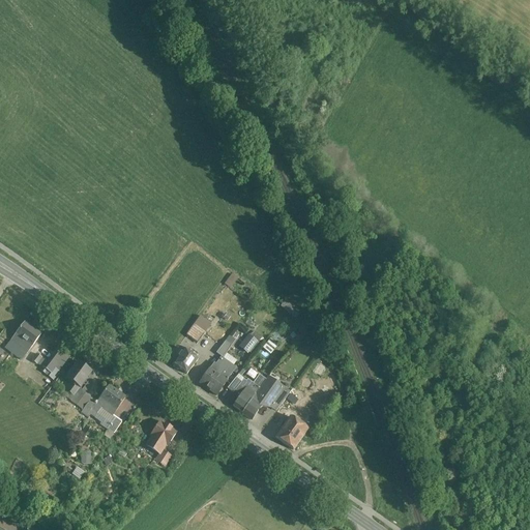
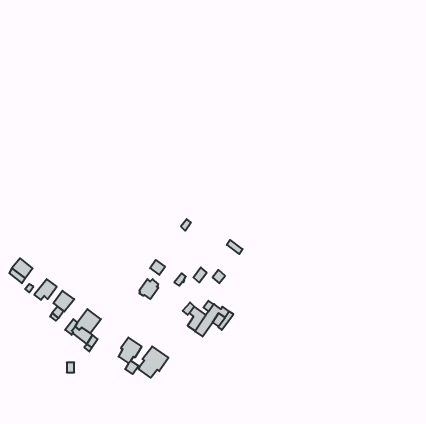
building: [201,362,229,392] -> none
building: [276,414,307,447] -> none
building: none -> [139,346,168,378]

